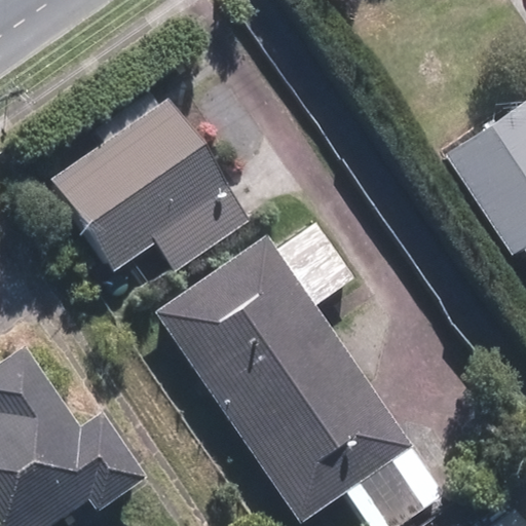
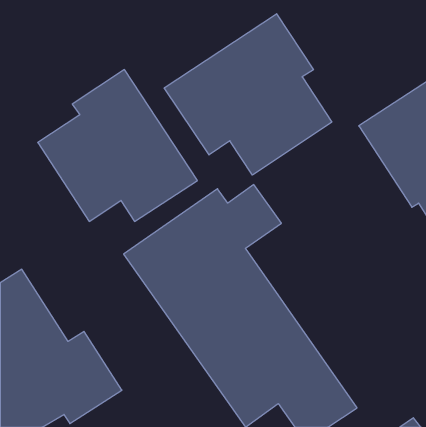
building: none -> [164,14,332,175]

